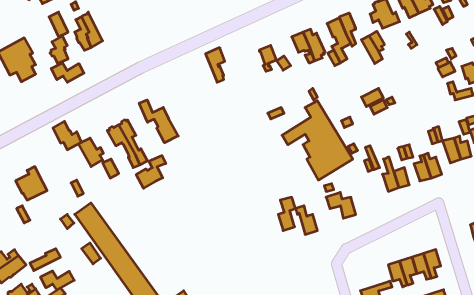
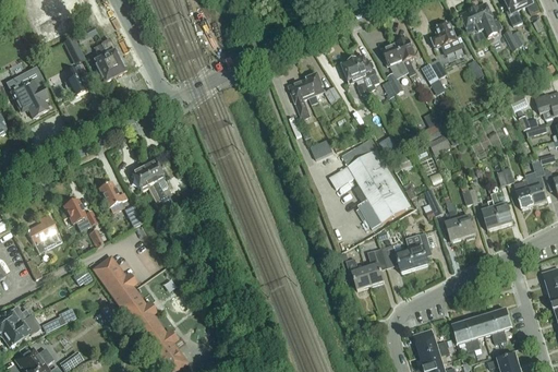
building: [206,48,225,82] -> [289,81,311,120]
building: [51,63,84,82] -> none
building: [139,100,178,143] -> none
building: [53,121,82,150] -> [64,197,97,230]
building: [136,156,166,188] -> none
building: none -> [405,232,430,267]
building: [278,197,296,231] -> [365,248,385,286]
building: none -> [413,327,447,355]
building: [41,271,74,290] -> none

